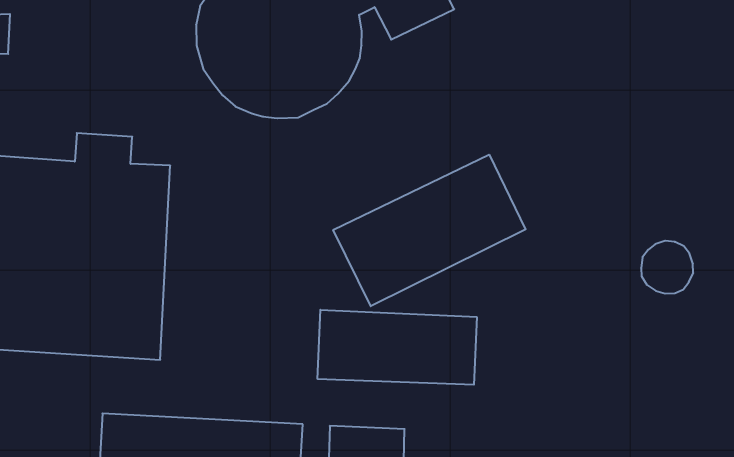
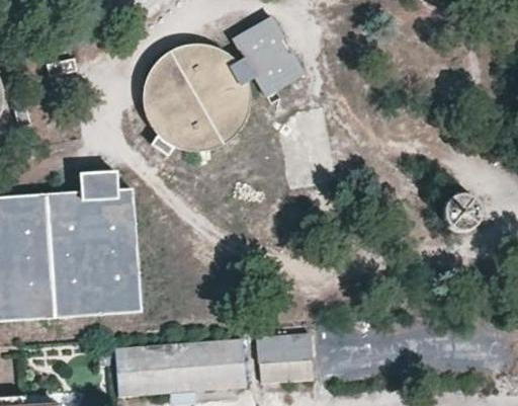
building: [333,155,526,306] -> none
building: [318,310,477,385] -> none

